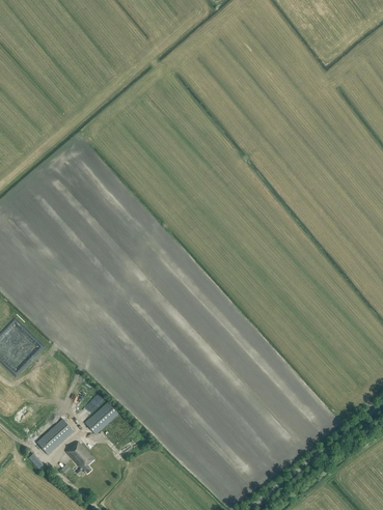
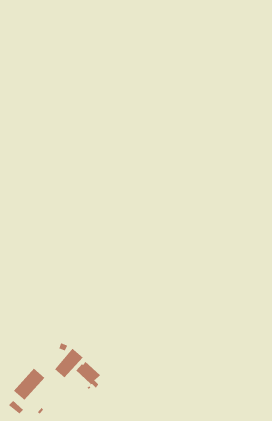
building: [65,442,93,474] -> [75,361,101,390]

